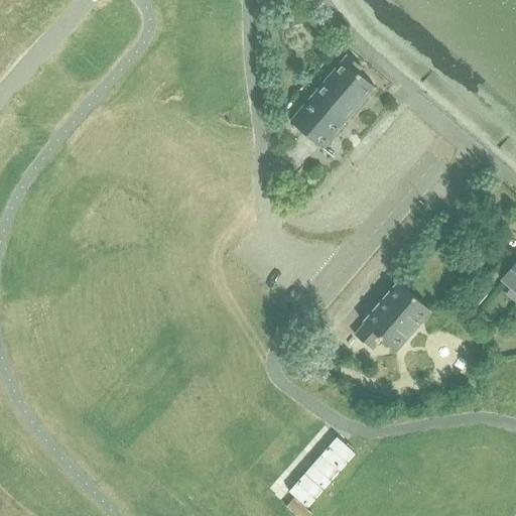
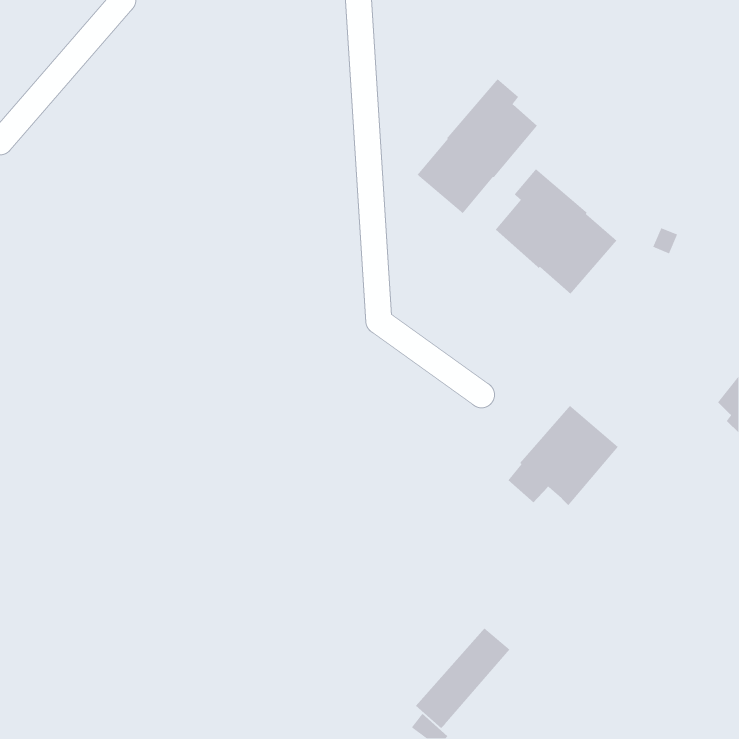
building: none -> [495,168,618,295]

